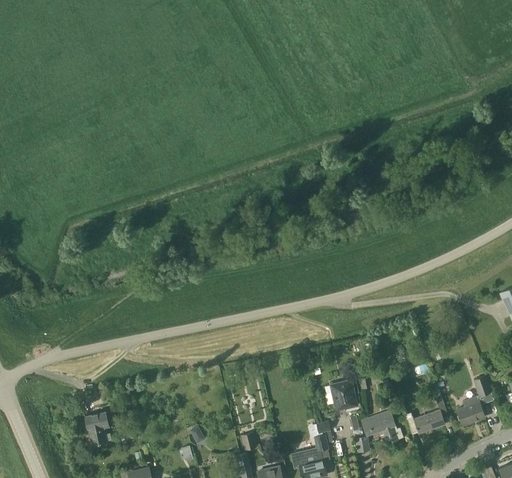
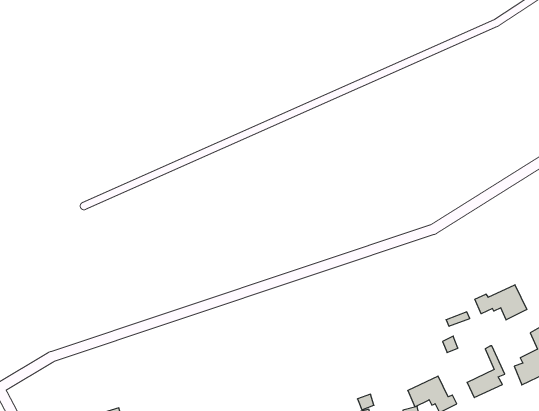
building: none -> [475,285,527,320]
building: [330,380,357,410] -> none

